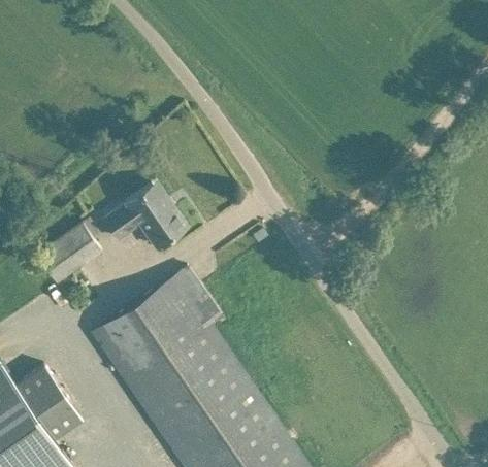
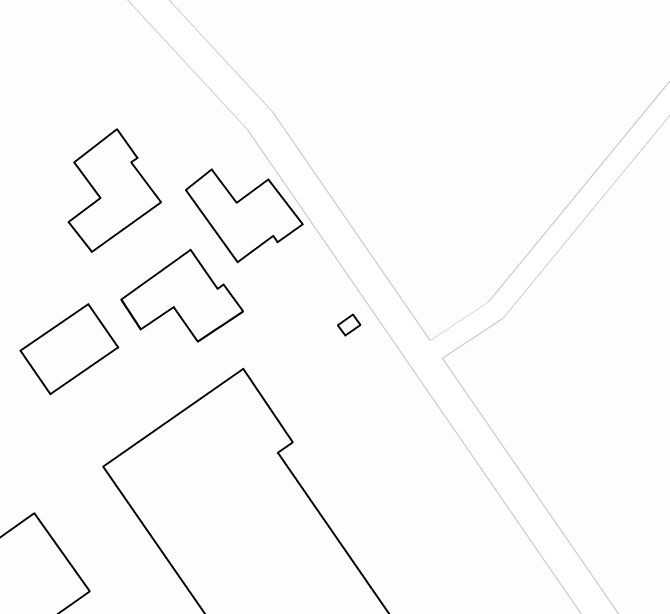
building: none -> [69,129,161,252]
building: none -> [186,169,303,262]

